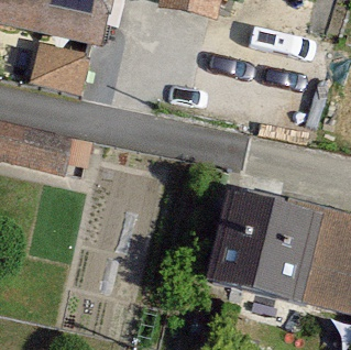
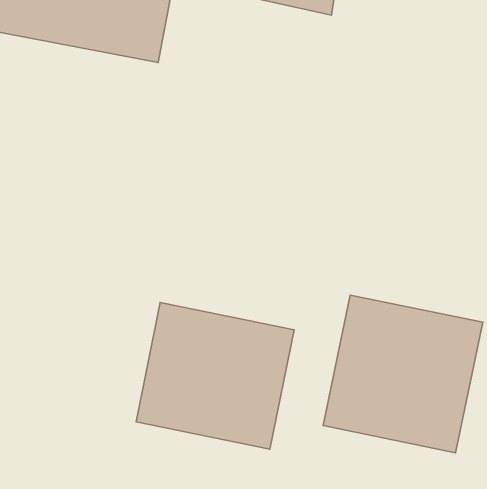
building: none -> [136,303,294,449]

